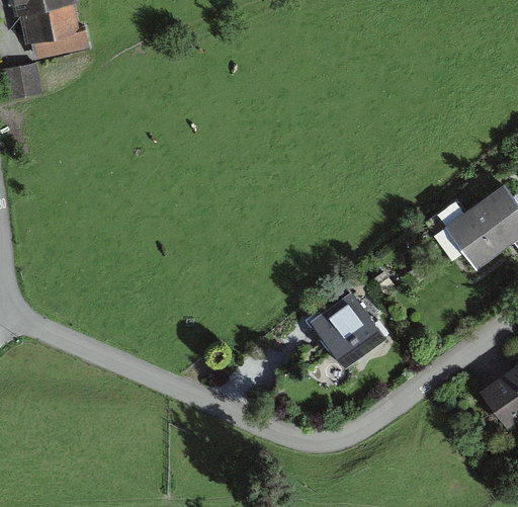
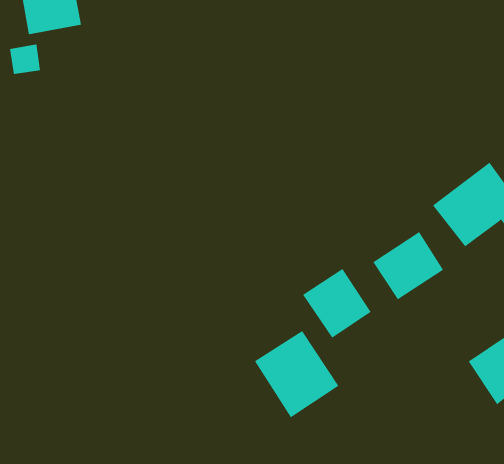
building: none -> [373,231,444,300]
building: none -> [254,330,339,418]

